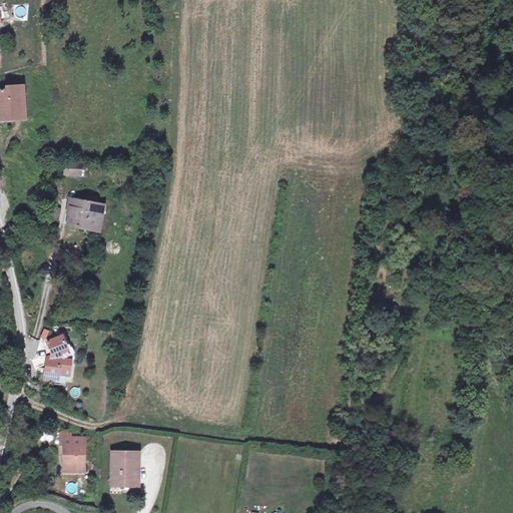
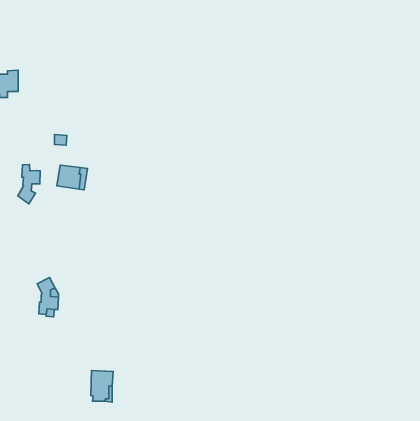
building: none -> [18,165,40,204]
building: [61,430,86,469] -> none

